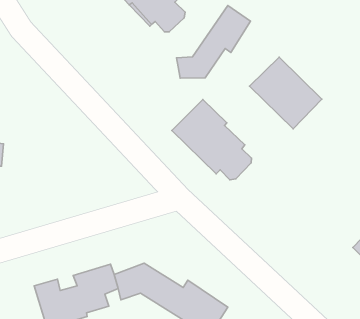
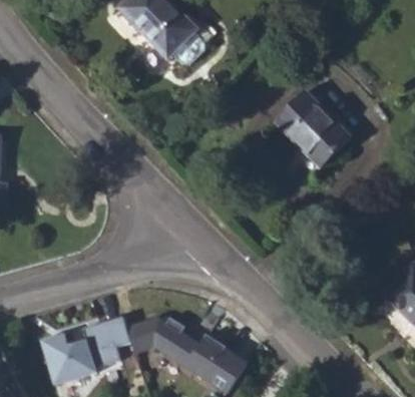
building: [176,5,251,78] -> none
building: [172,100,252,180] -> none

